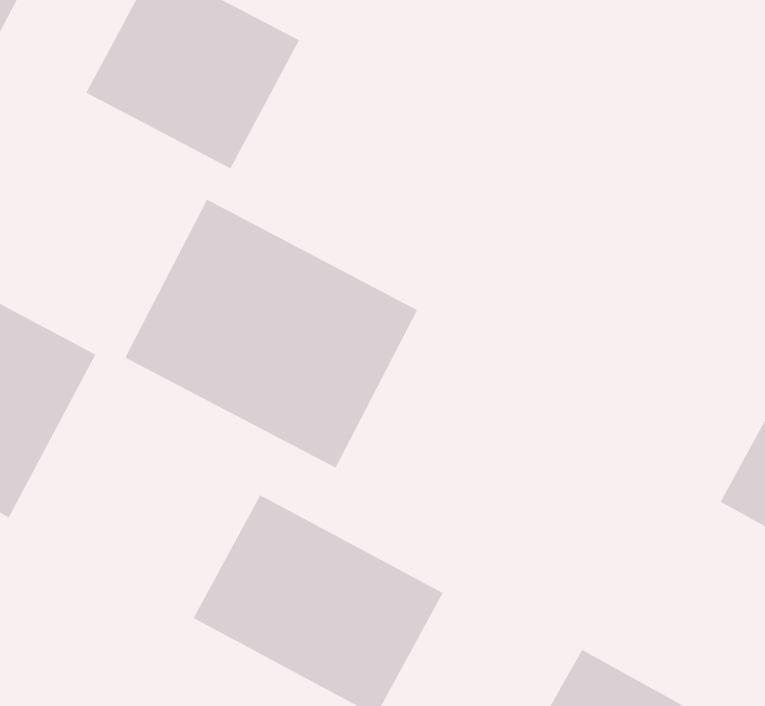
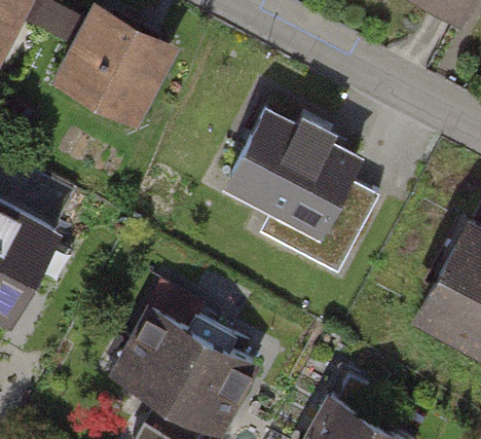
building: none -> [231,113,379,276]
building: [125,199,418,469] -> none

